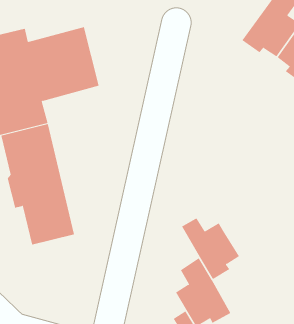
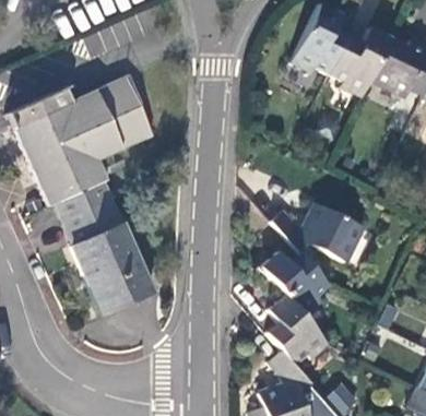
building: none -> [268,205,360,263]

